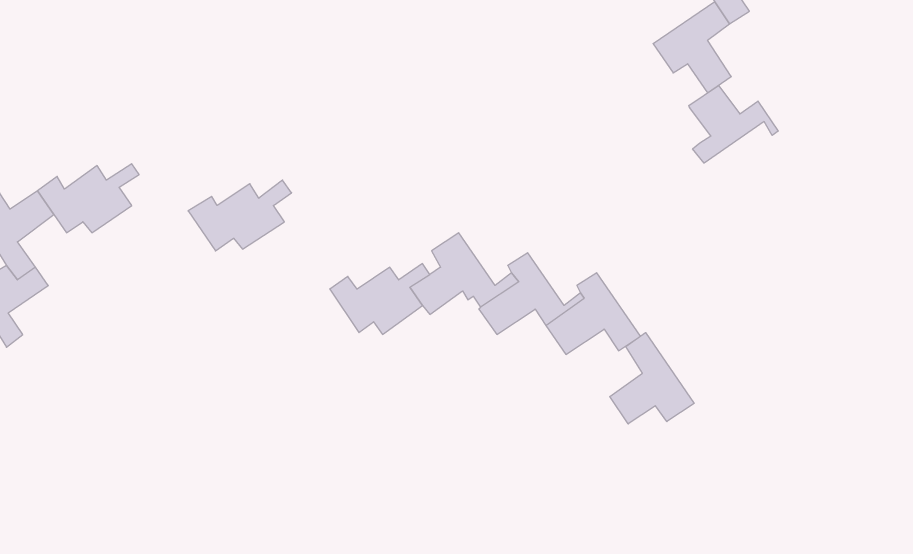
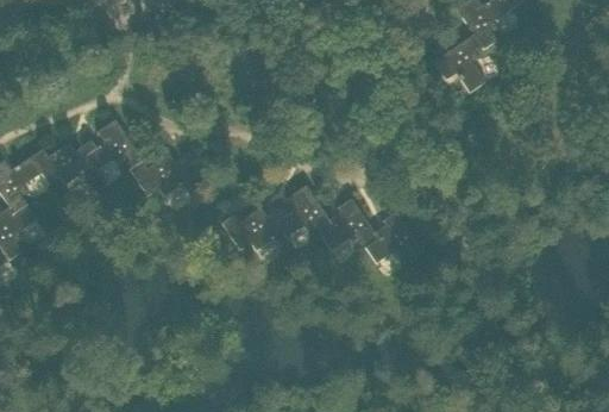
building: [689,86,778,163] -> none
building: none -> [83,119,144,174]
building: [610,333,694,424] -> none

